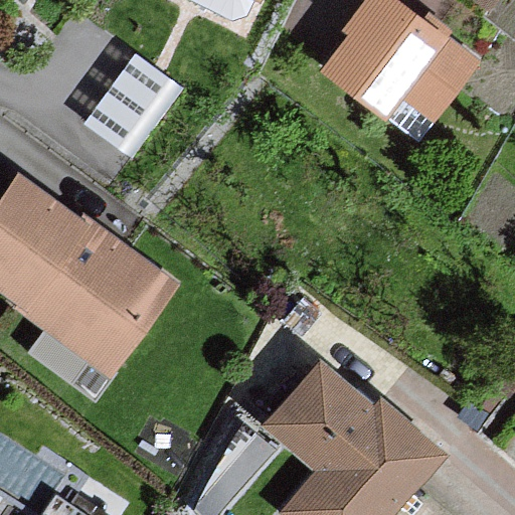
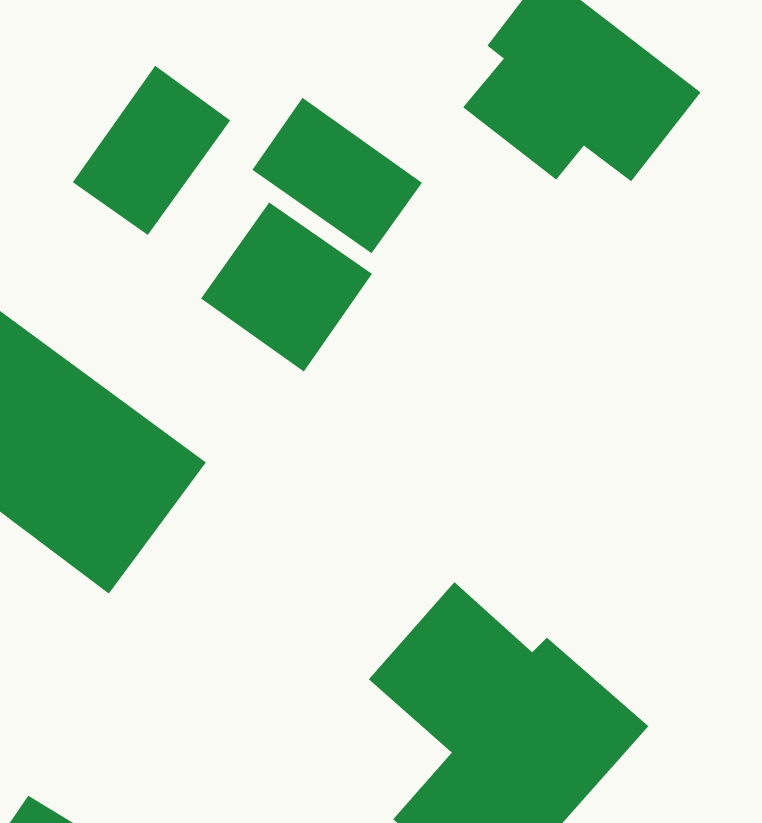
building: none -> [252,97,423,254]
building: none -> [200,202,373,372]

